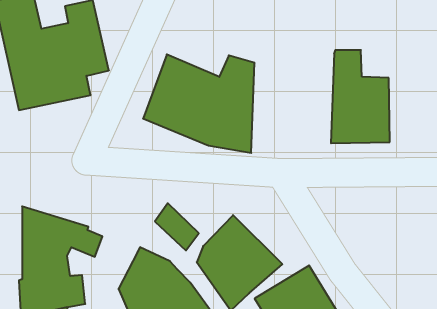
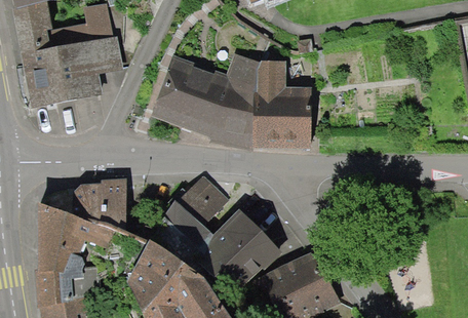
building: [331,50,390,143] -> [257,59,313,149]
building: none -> [177,174,229,226]
building: none -> [73,178,125,229]

